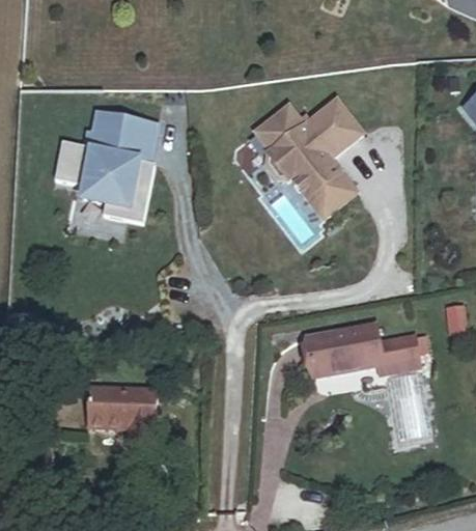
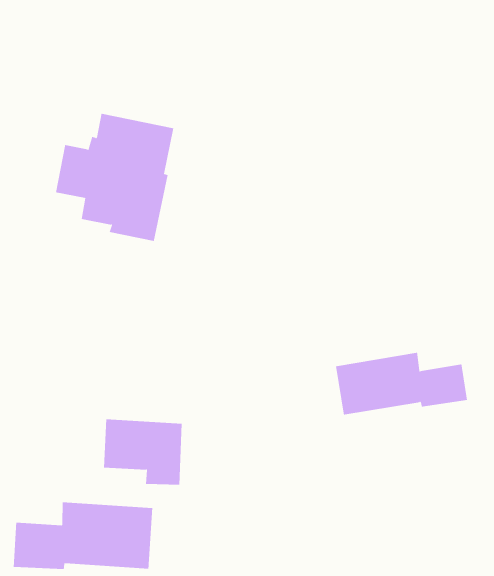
building: [256,99,363,216] -> none
building: none -> [13,501,153,570]

